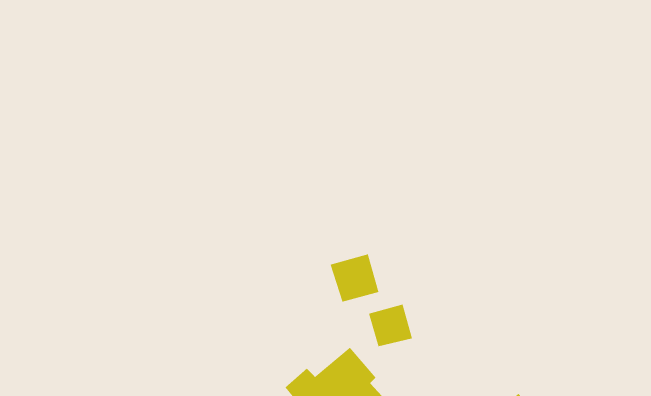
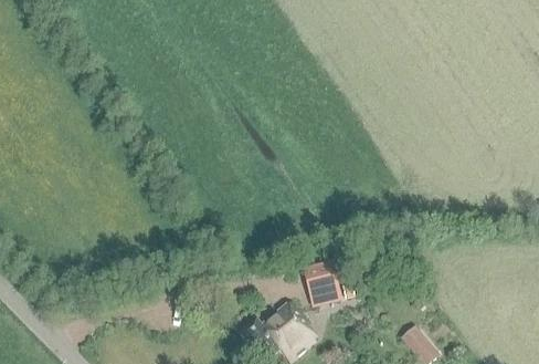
building: [330,253,379,303] -> none

